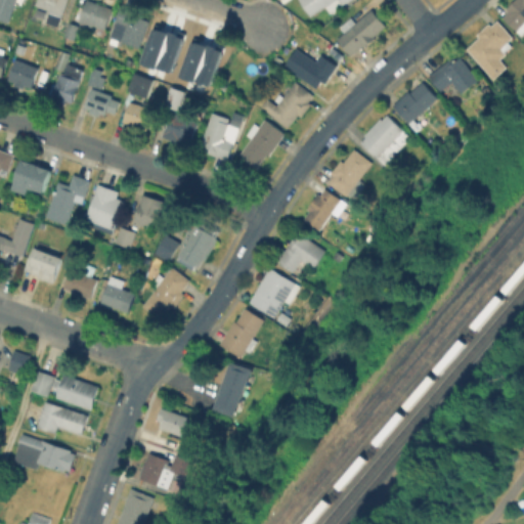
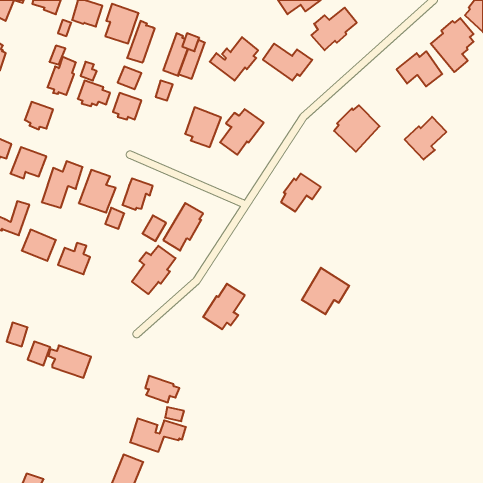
building: [155,31,182,74] -> none
building: [7,60,38,90] -> [25,102,53,129]
building: [260,82,312,129] -> [210,37,258,81]
building: [392,82,437,128] -> [405,117,446,160]
building: [161,114,196,145] -> none
building: [329,149,370,196] -> none
building: [275,234,324,277] -> none
building: [249,267,300,317] -> [302,268,349,314]
building: [100,283,134,312] -> none
building: [215,363,253,417] -> none
building: [36,401,88,434] -> none
building: [17,439,76,480] -> none

